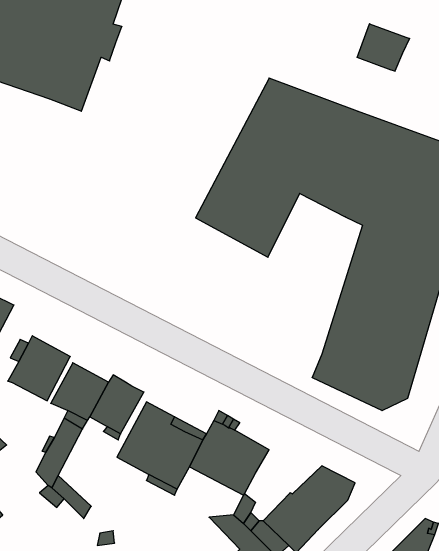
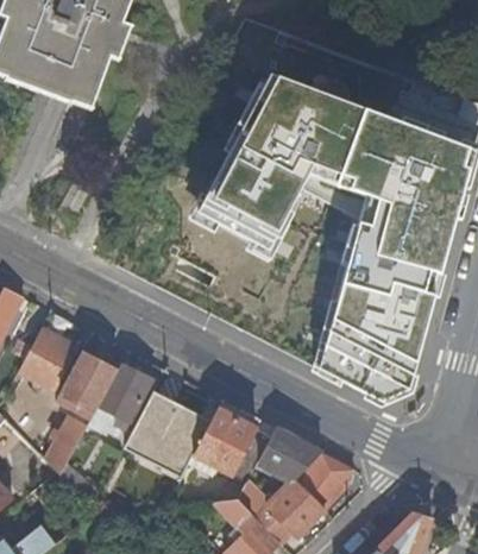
building: [357,24,410,71] -> none
building: none -> [258,427,322,479]

